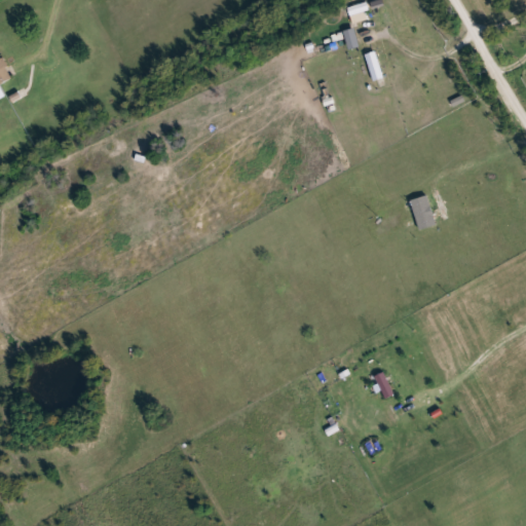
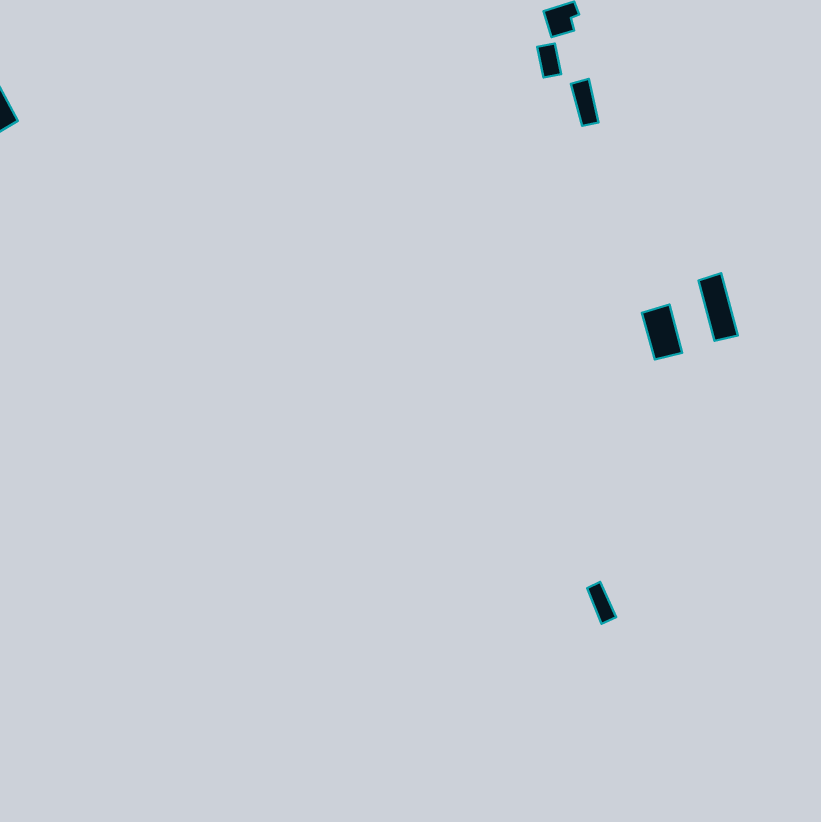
building: none -> [699,273,738,341]

